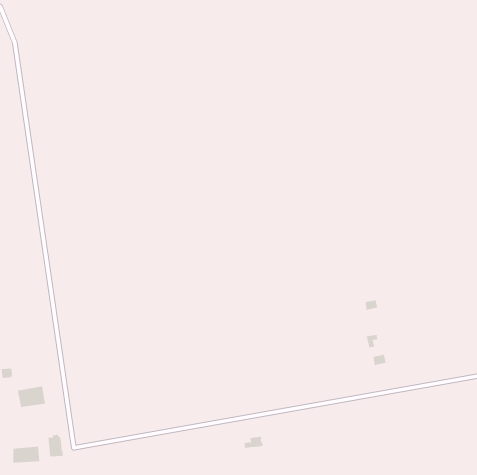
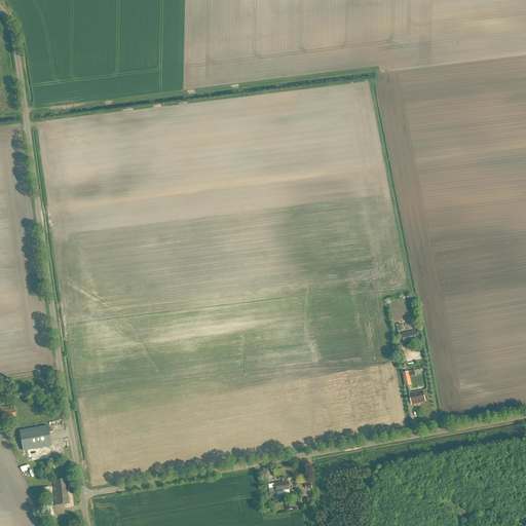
building: [12,446,40,464] -> none

